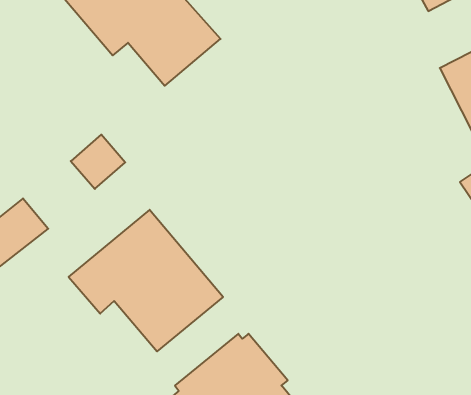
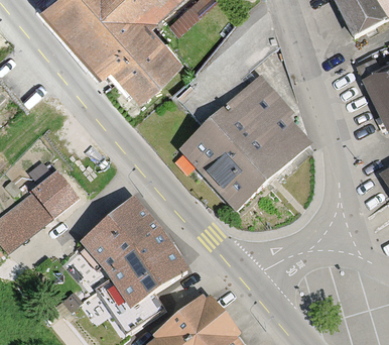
building: none -> [179,74,312,211]
building: [71,135,125,189] -> [40,171,84,215]

